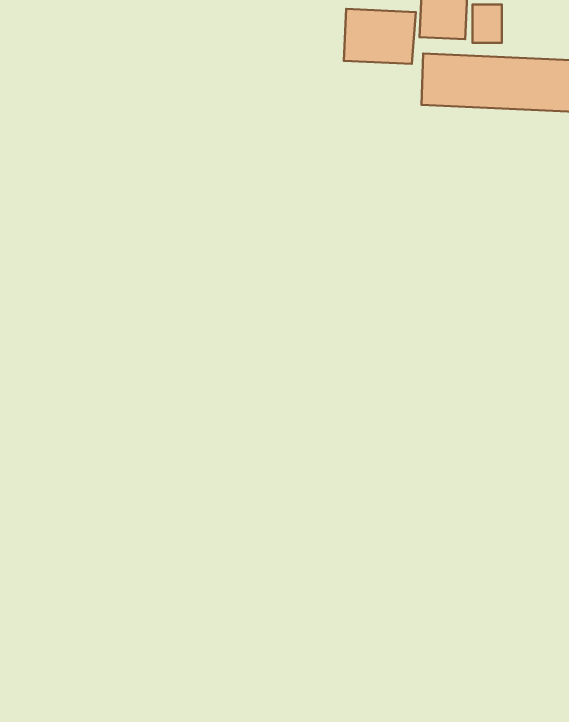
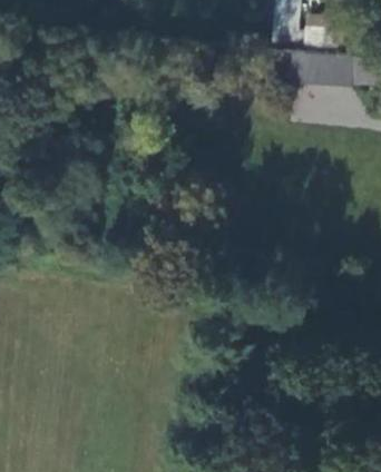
building: [344,9,416,64] -> none

